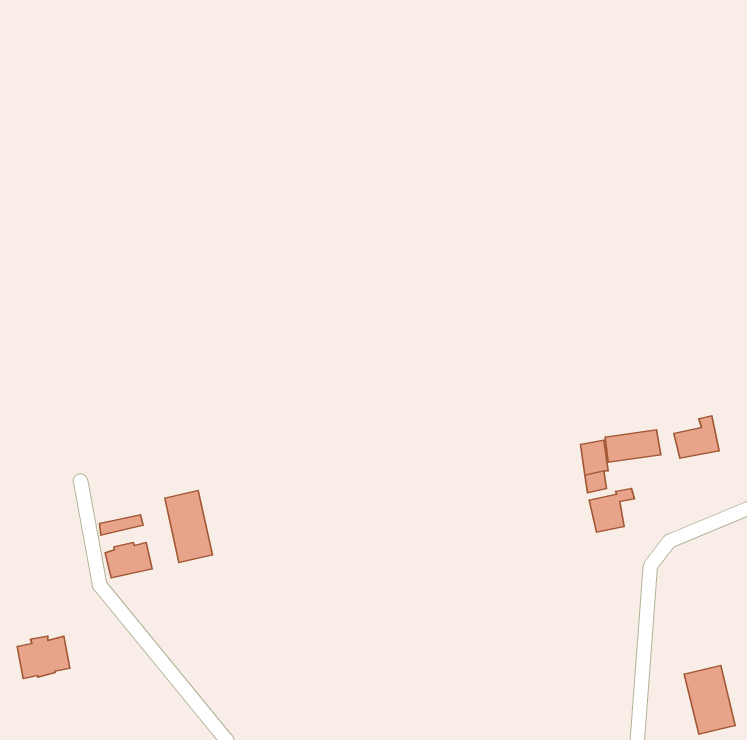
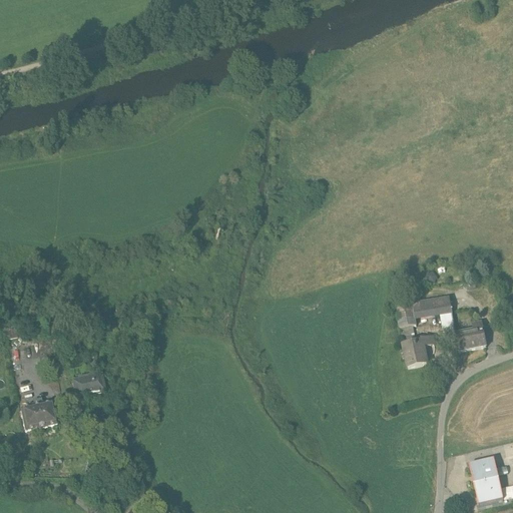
building: [674,416,719,458] -> [456,320,487,349]
building: [165,491,212,563] -> none
building: [17,636,70,679] -> [20,400,56,429]

